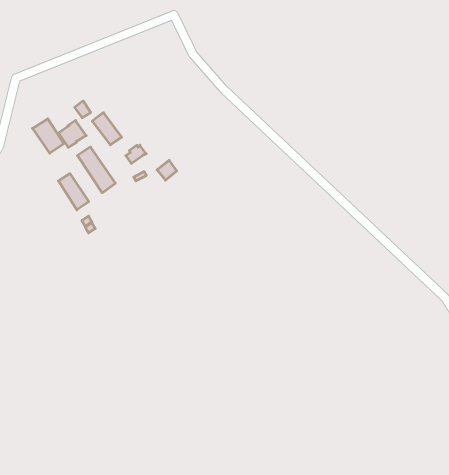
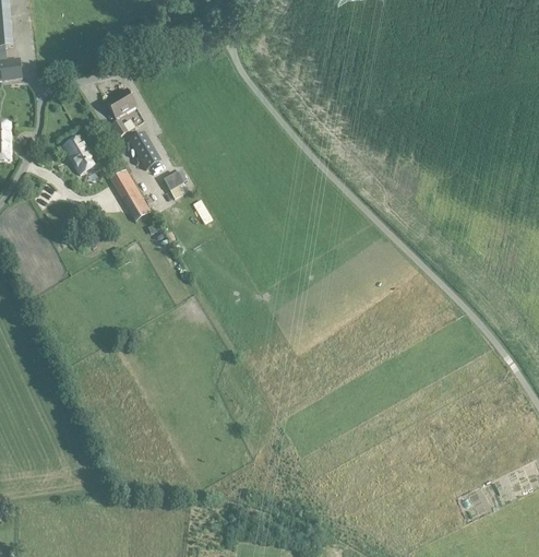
building: [58,120,86,147] -> [104,90,134,119]
building: [58,174,89,210] -> none

